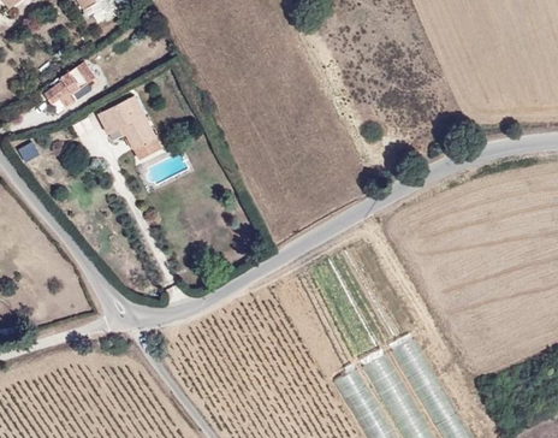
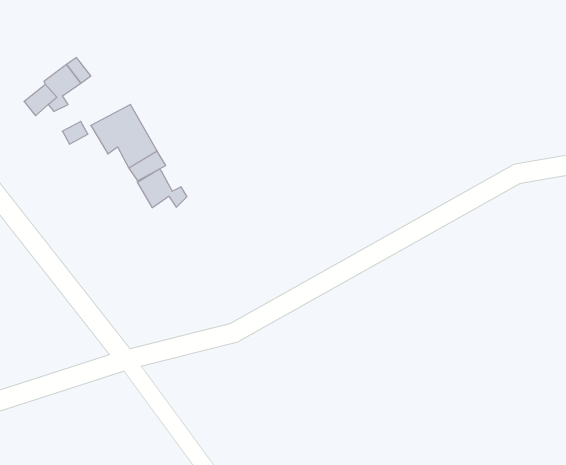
building: none -> [137,169,187,208]

